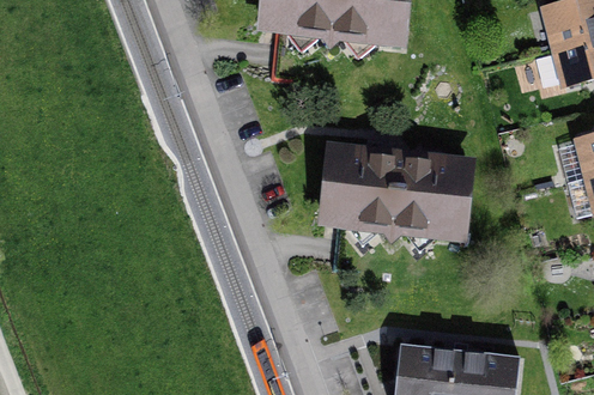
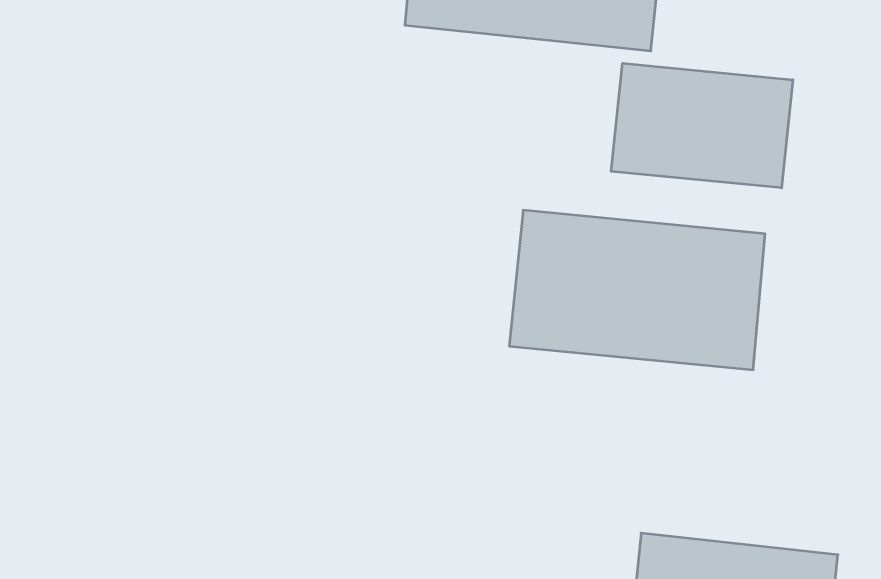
building: none -> [611,63,793,188]

